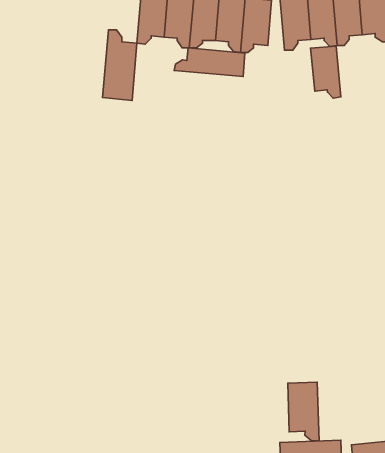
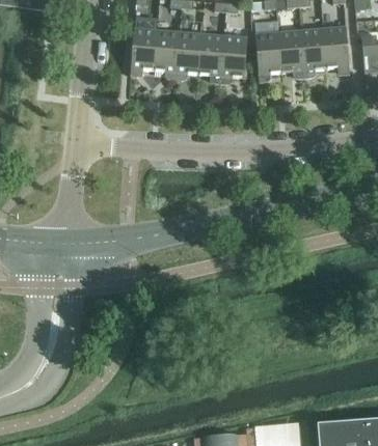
building: [102,30,137,100] -> none
building: [311,46,341,98] -> none
building: [174,48,245,76] -> none
building: [288,382,319,441] -> none

